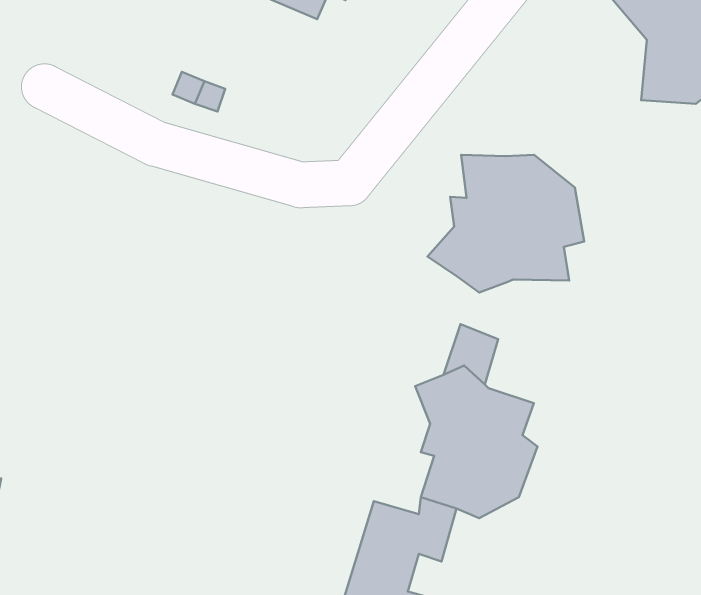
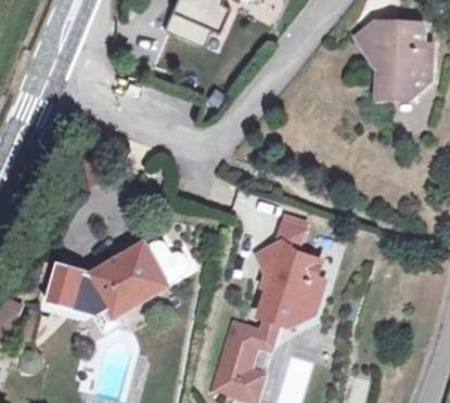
building: [427,155,584,292] -> none
building: none -> [49,238,192,315]

